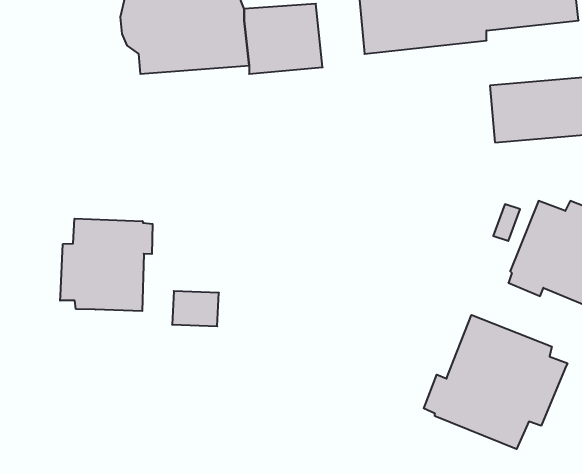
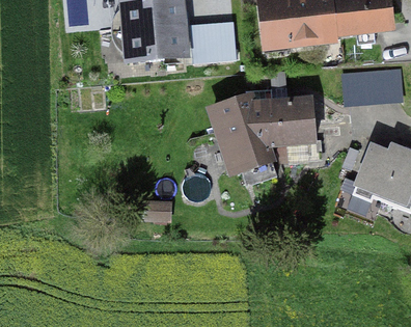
building: none -> [207,69,322,179]
building: [60,219,153,311] -> none
building: [424,315,567,449] -> none

